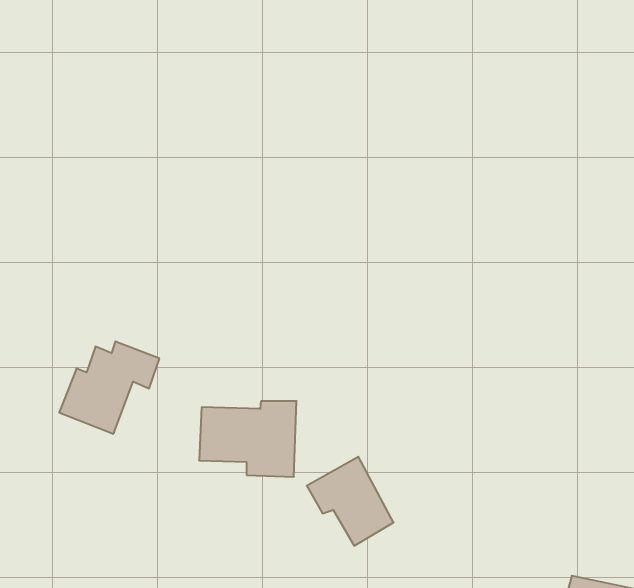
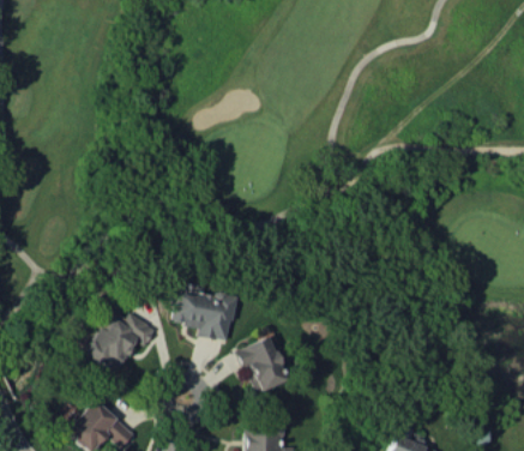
building: [59,341,159,434] -> [86,313,156,372]

